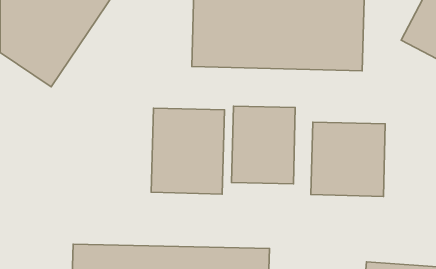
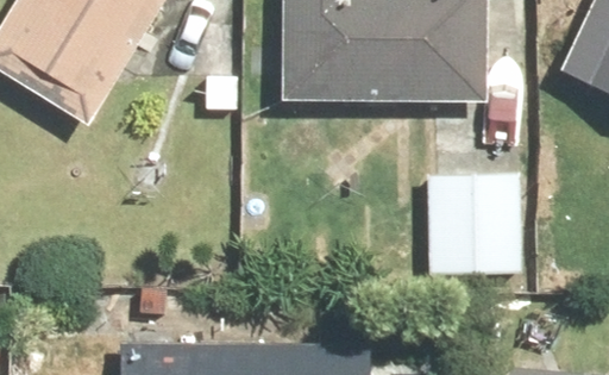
building: [232,106,295,184] -> none
building: [151,108,224,194] -> none

